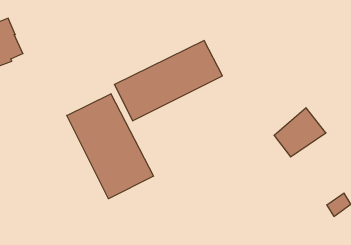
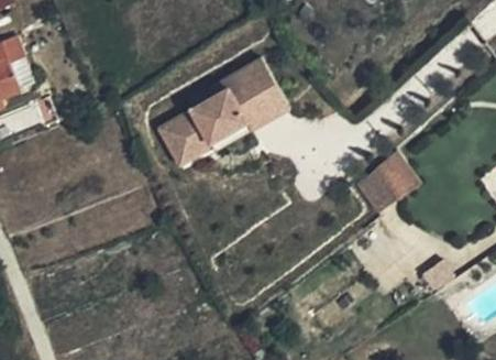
building: [67,94,153,199] -> none

